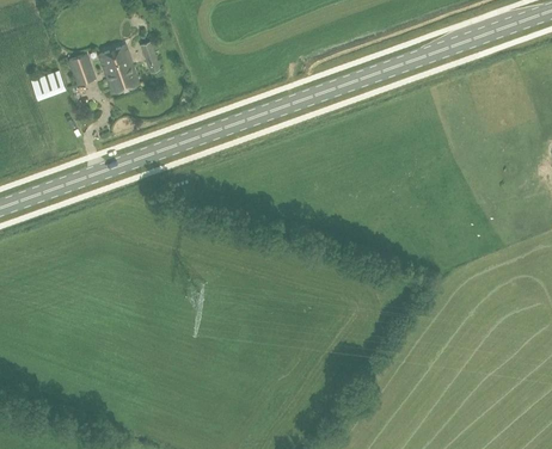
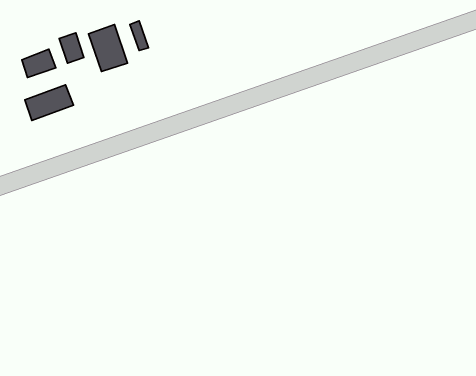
building: none -> [25,85,74,121]

